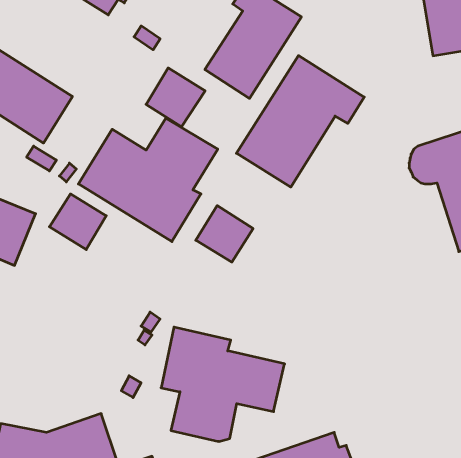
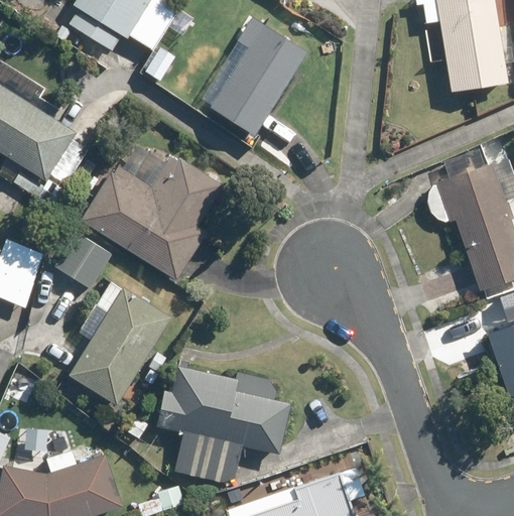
building: [236,56,364,187] -> none
building: [146,68,205,127] -> none
building: [196,206,253,262] -> none
building: none -> [71,288,173,406]

